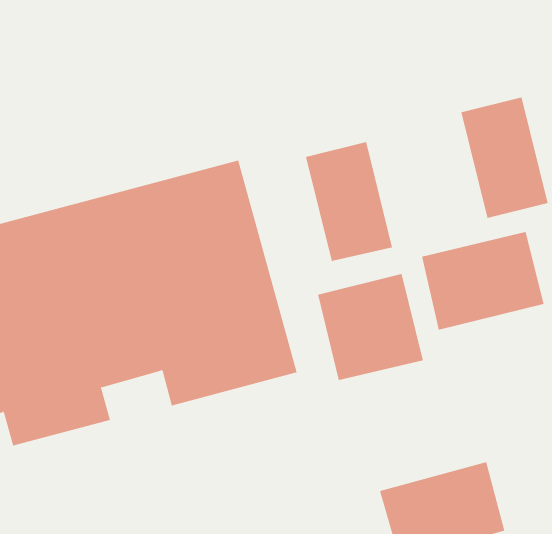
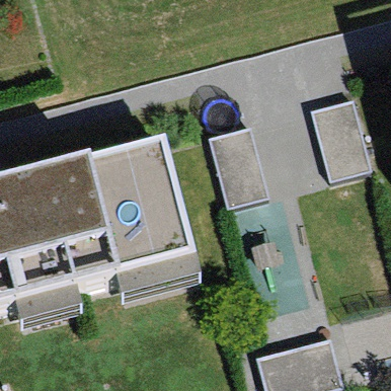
building: [421,231,544,330] -> none
building: [318,273,423,381] -> none

